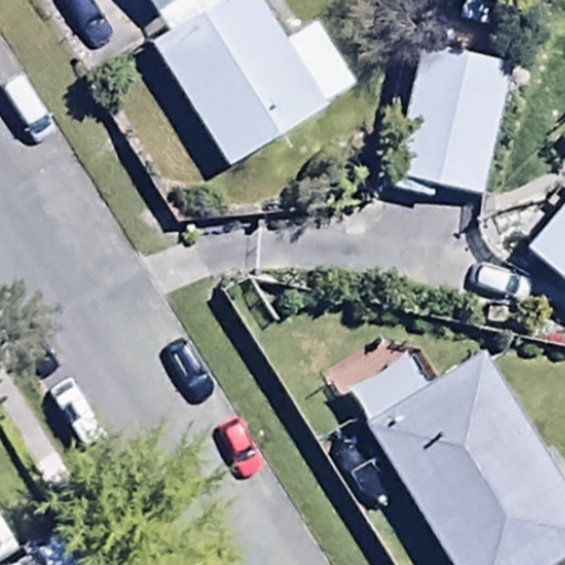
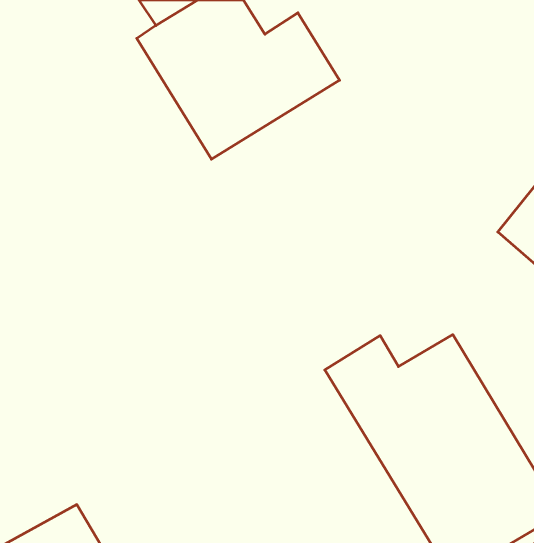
building: [391,42,515,195] -> none

